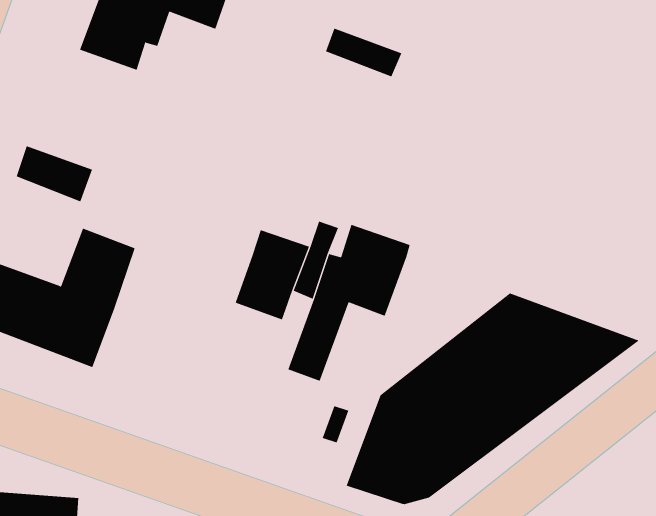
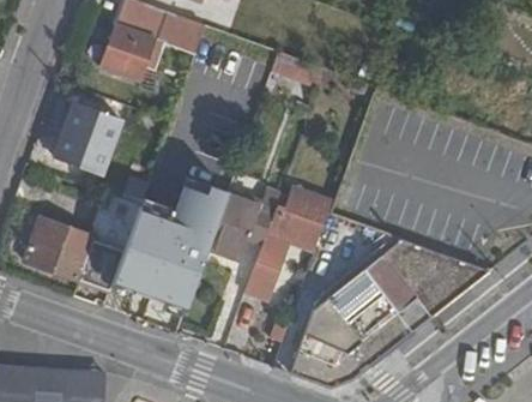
building: none -> [64,101,121,148]
building: none -> [110,180,219,312]

